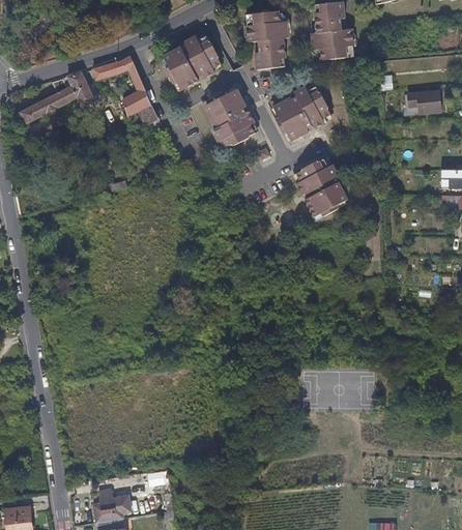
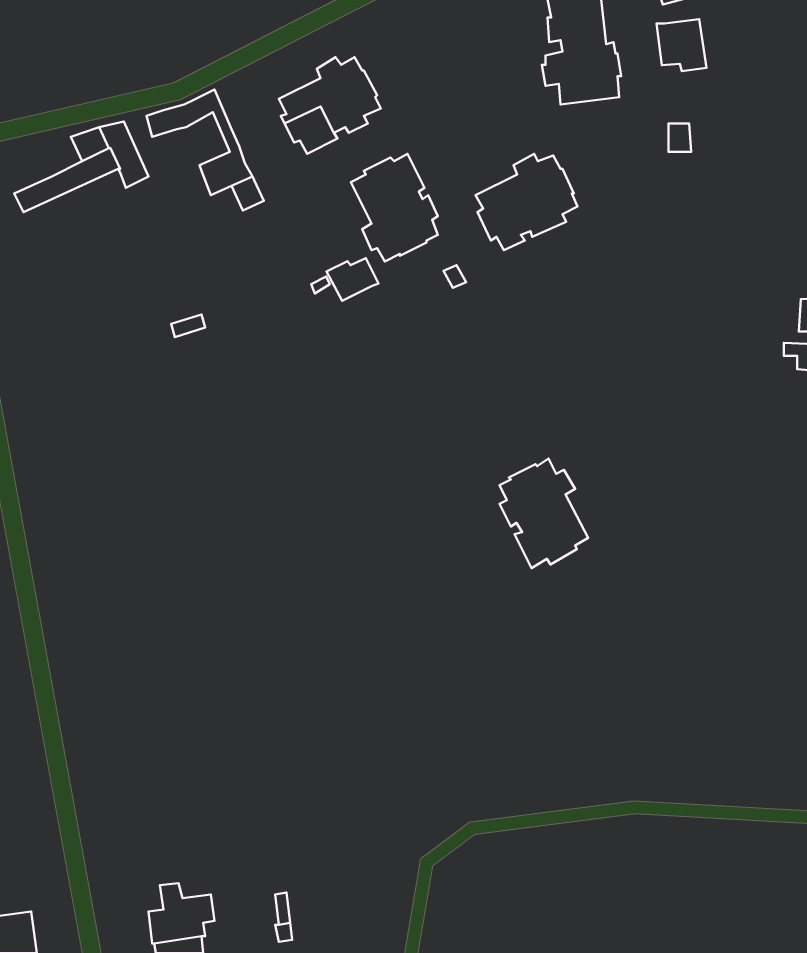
building: [246,11,289,72] -> none
building: none -> [657,19,706,71]
building: [408,90,440,111] -> none
building: none -> [327,258,378,301]
building: [292,160,341,220] -> [499,459,588,568]

